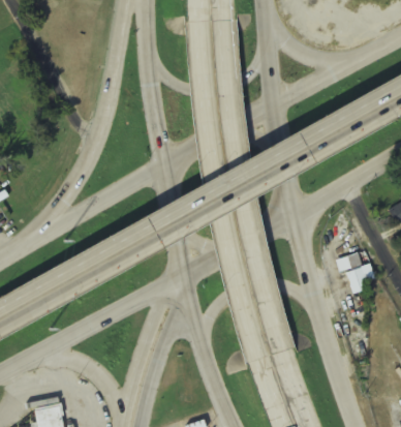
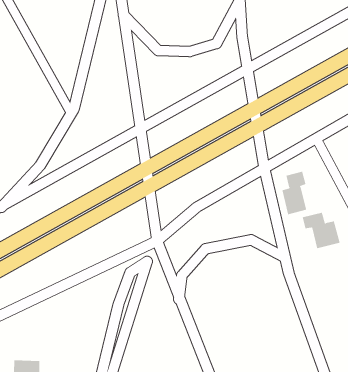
building: none -> [282,171,307,215]

